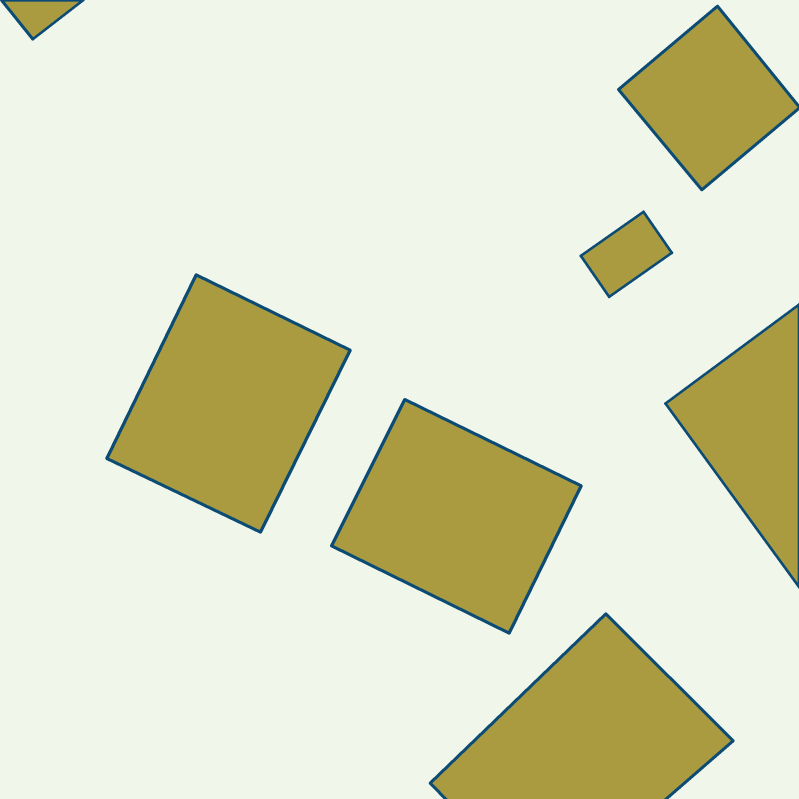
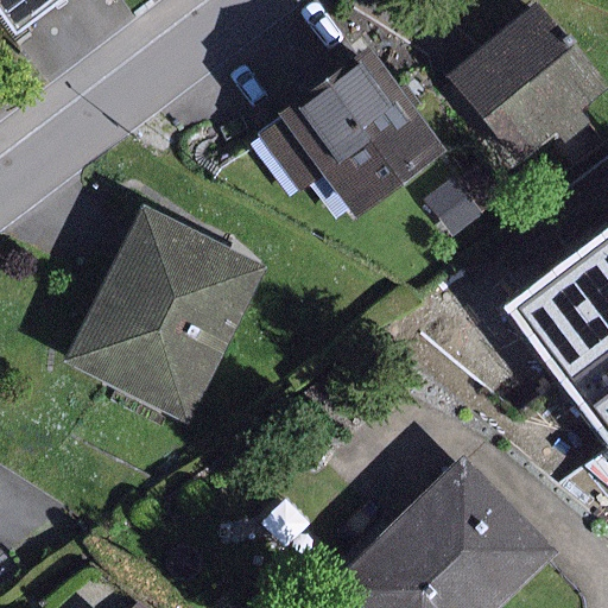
building: none -> [267,49,442,205]
building: [332,400,581,633] -> none

